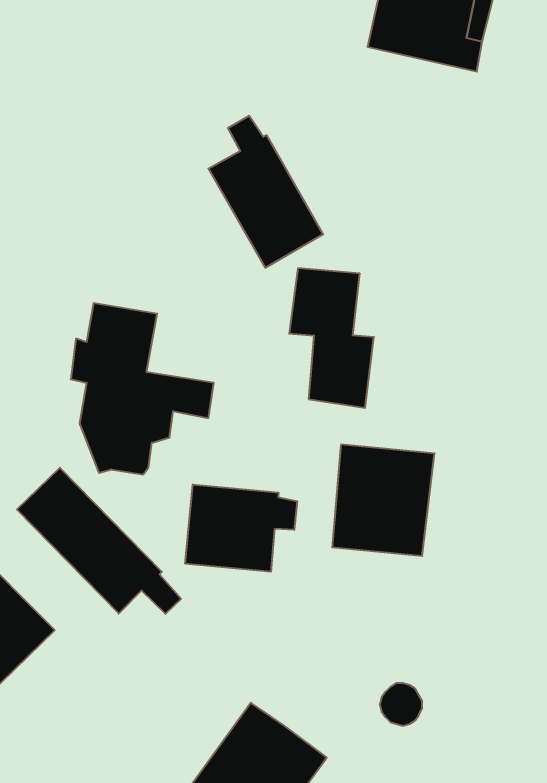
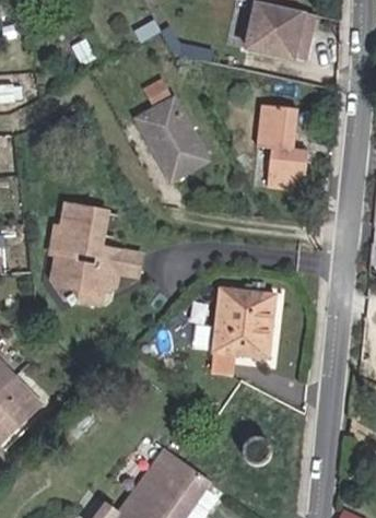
building: [289,268,374,408] -> [255,105,307,191]
building: [17,468,181,614] -> none
building: [185,484,297,572] -> none

